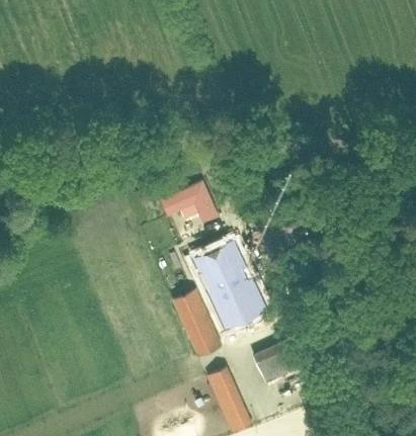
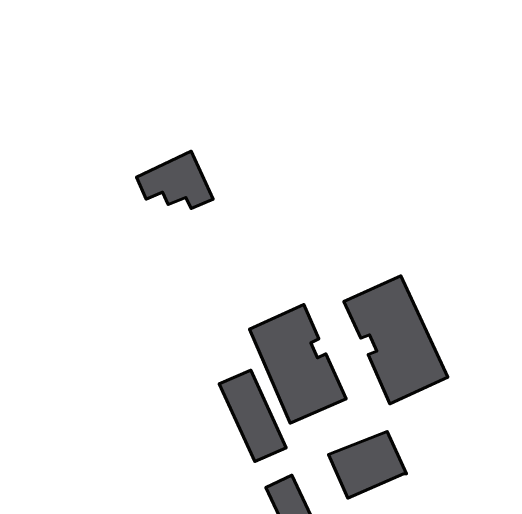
building: [161,180,218,223] -> [137,151,213,209]
building: none -> [344,276,448,404]

